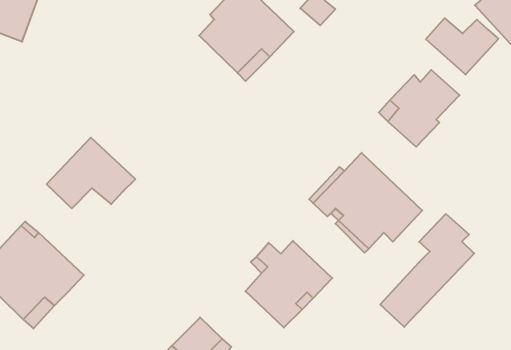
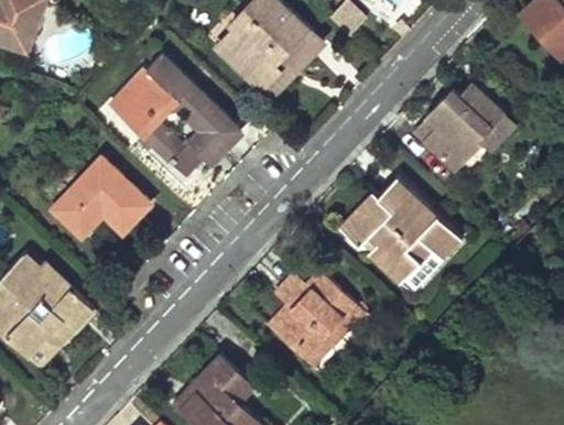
building: [426,18,498,75] -> none
building: none -> [118,55,239,178]
building: [380,214,474,327] -> none

